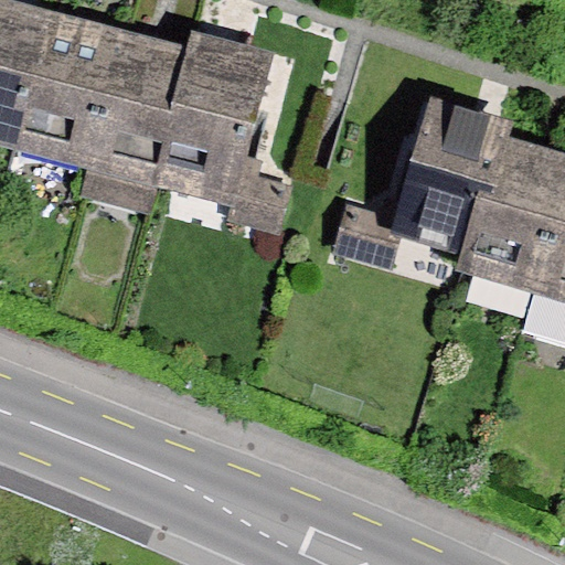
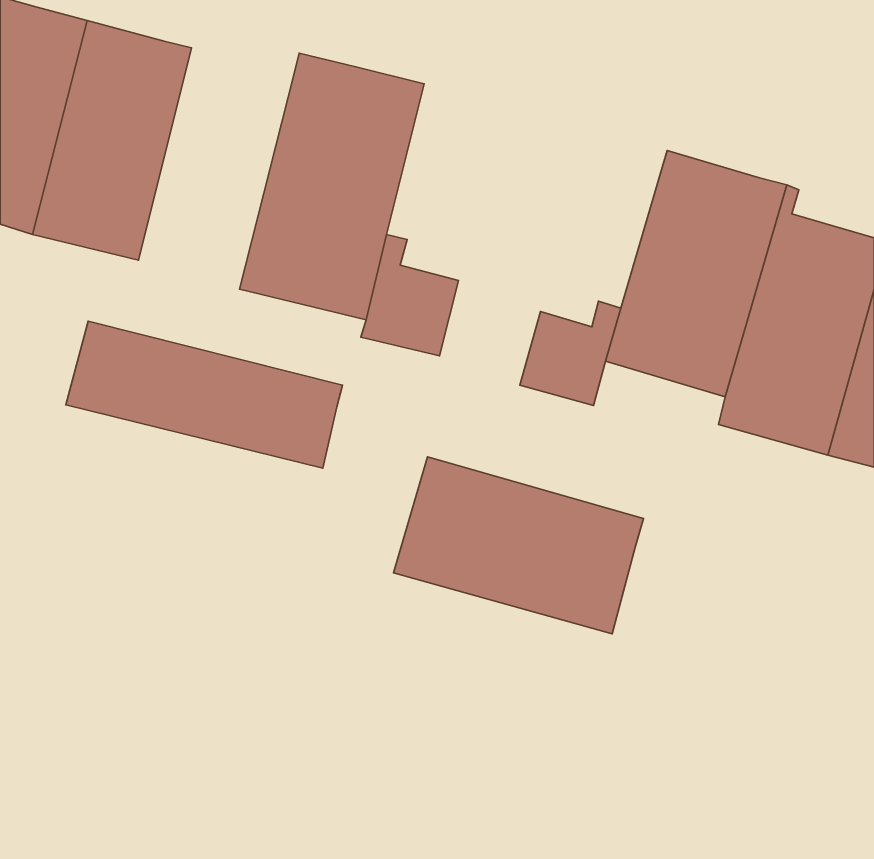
building: [89,31,190,186] -> none
building: none -> [66,321,342,468]
building: none -> [393,457,644,634]

